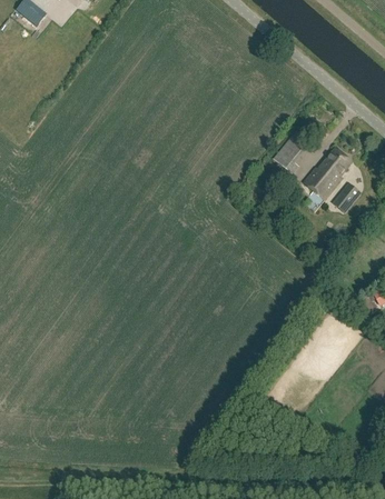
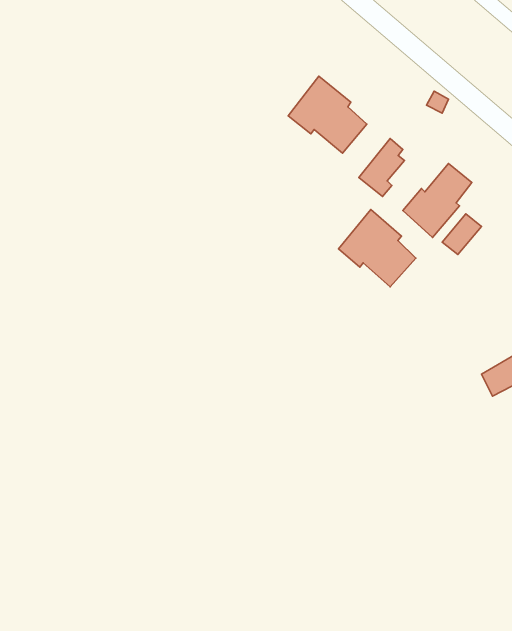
building: none -> [288,76,367,153]
building: none -> [338,210,416,287]

